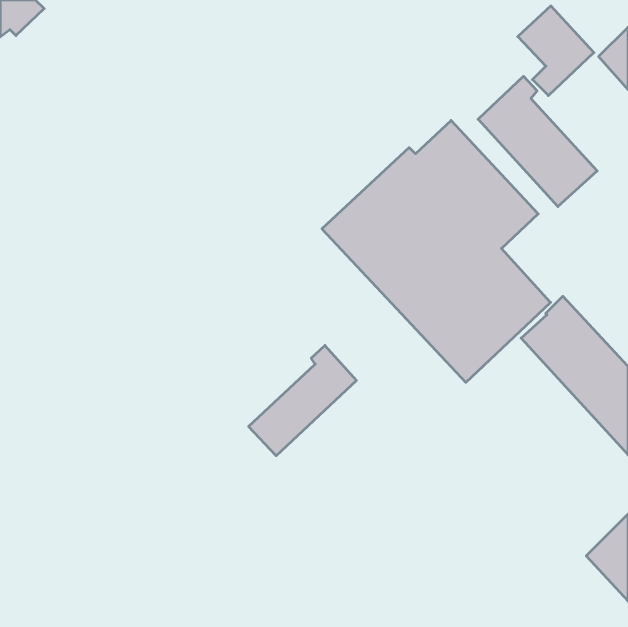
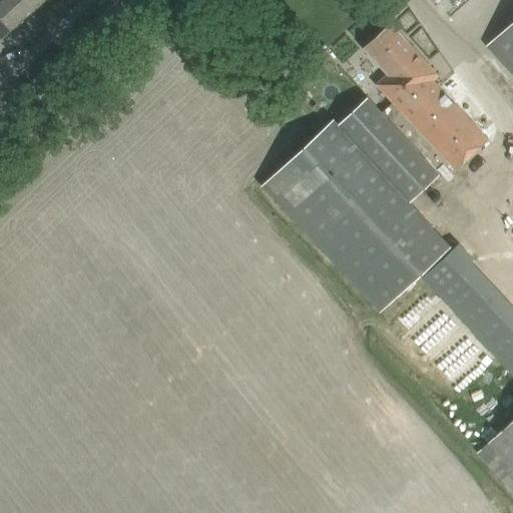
building: [518,6,594,96] -> [365,25,427,98]
building: [249,345,356,456] -> none

